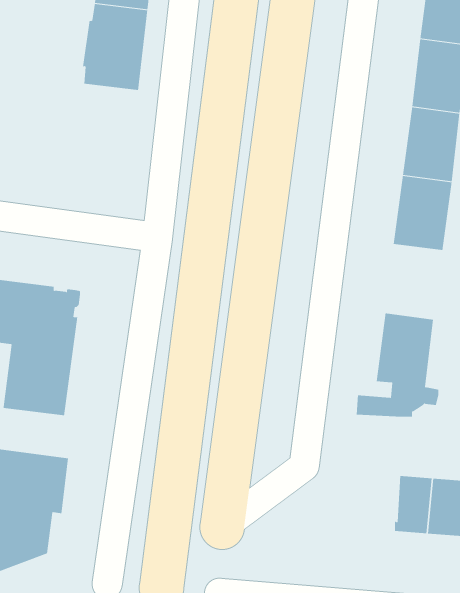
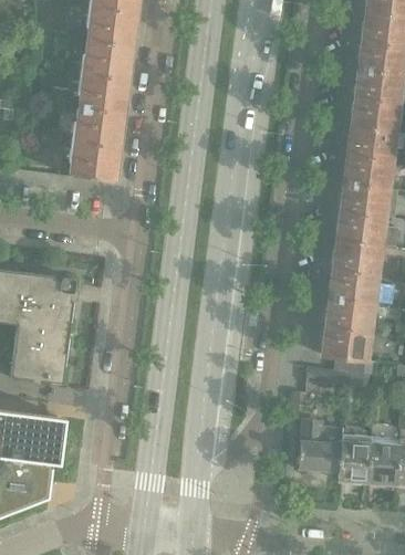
building: none -> [70,107,125,182]
building: none -> [331,241,380,304]
building: none -> [298,419,343,473]

